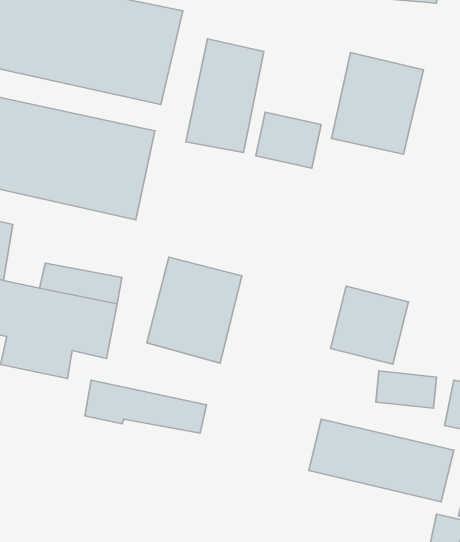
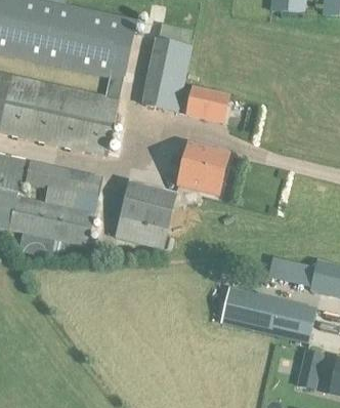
building: [331,52,424,154] -> none
building: [330,286,408,364] -> [177,144,228,195]
building: [85,380,206,433] -> [22,159,101,194]

